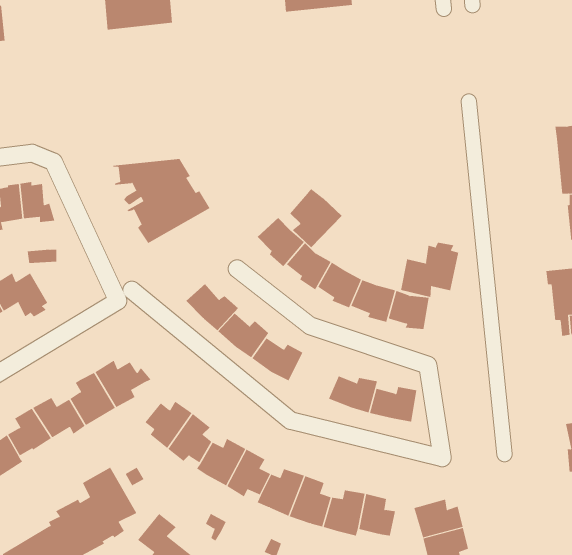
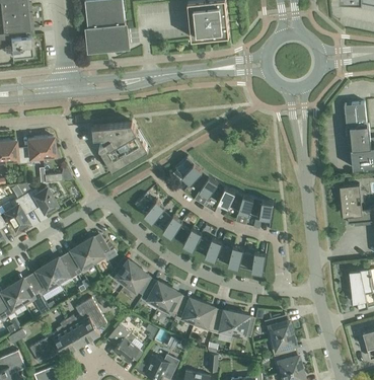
building: [290,188,343,248] -> none
building: [400,242,459,298] -> none
building: none -> [193,233,222,259]

